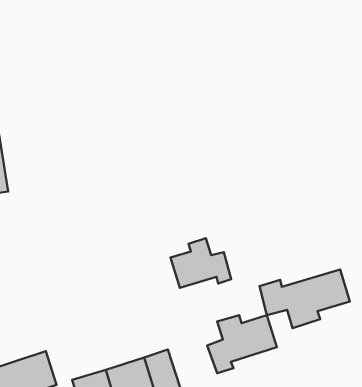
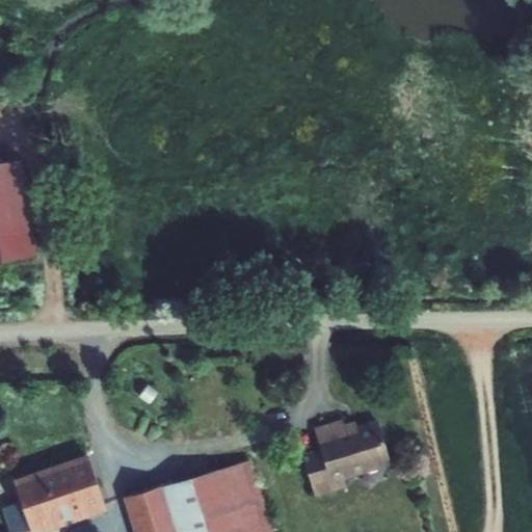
building: [170,238,231,288] -> none
building: [260,269,350,328] -> none

